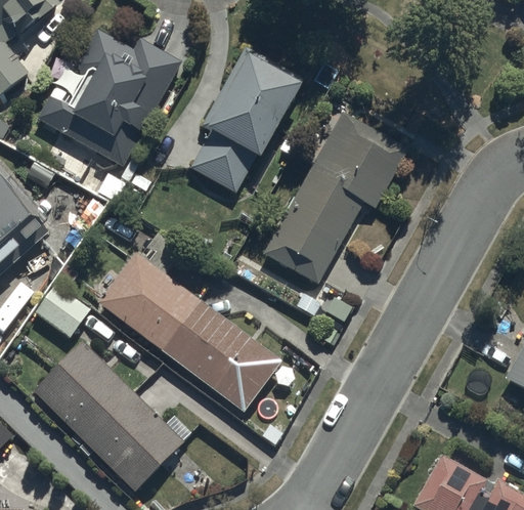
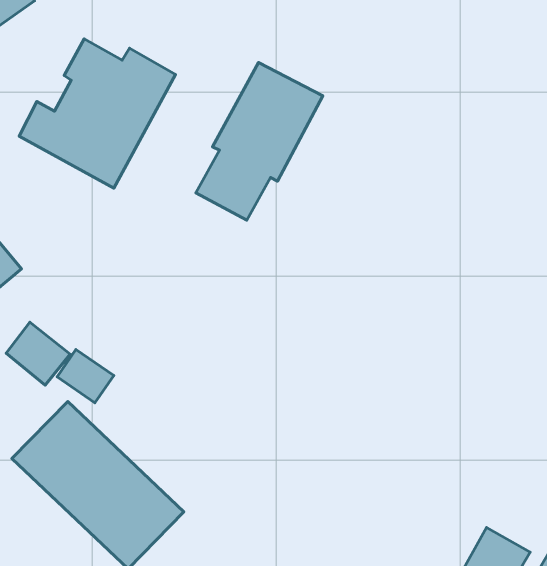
building: [267,116,406,282] -> none
building: [104,259,276,408] -> none

